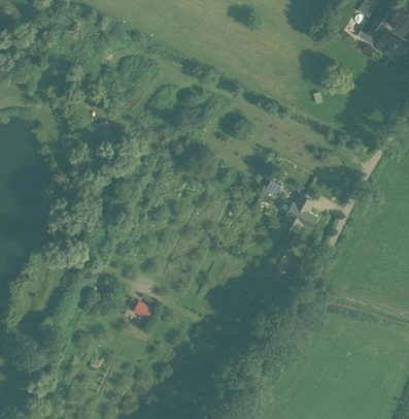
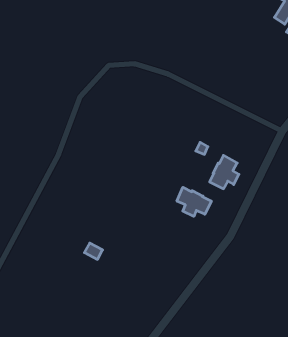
building: none -> [177,187,211,216]

